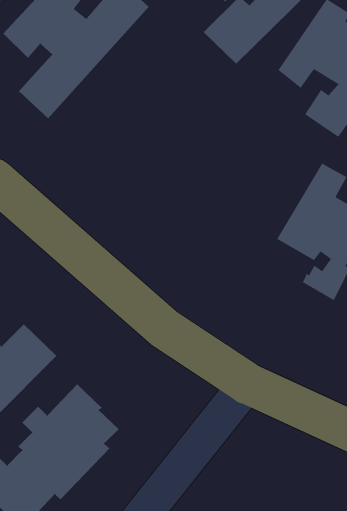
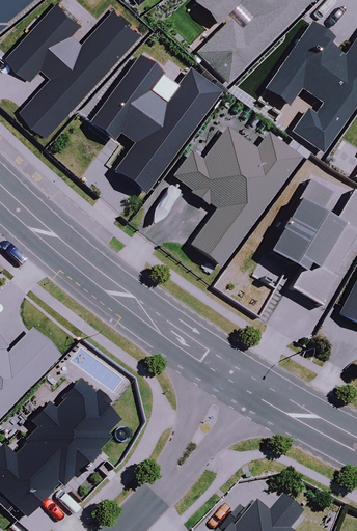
building: none -> [91,53,226,193]
building: none -> [173,128,302,267]

